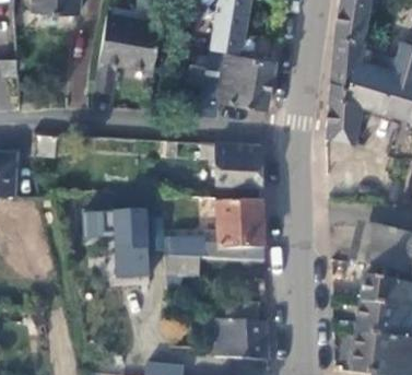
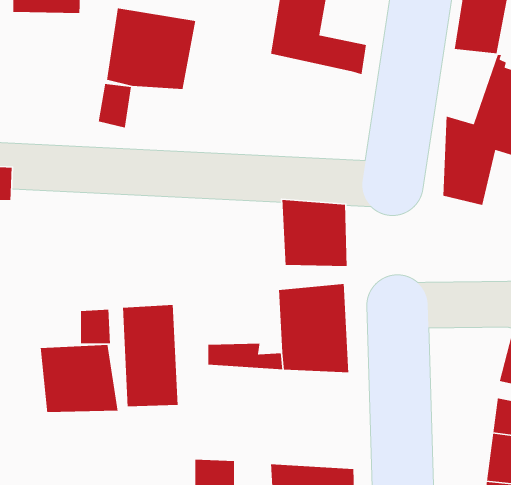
building: [329,39,364,90] -> none
building: [178,42,264,110] -> none
building: none -> [40,344,119,413]

